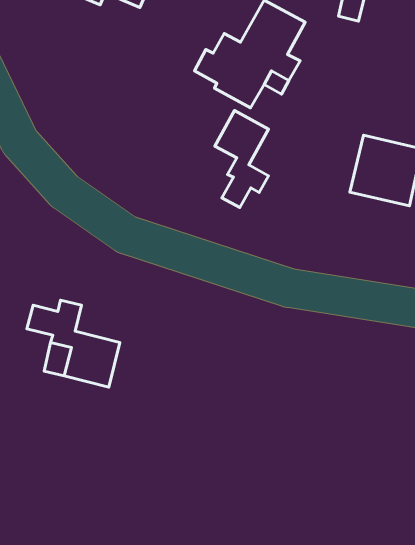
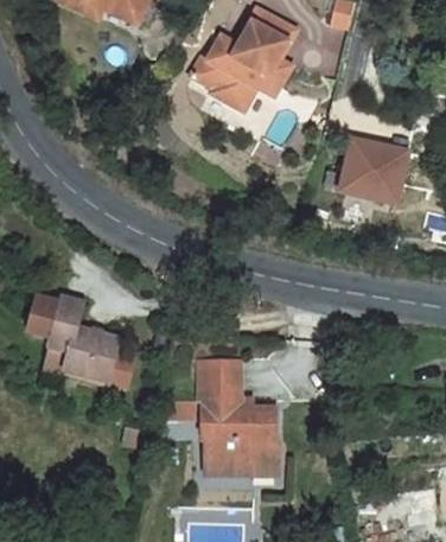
building: [215,110,269,207] -> none
building: none -> [200,359,279,476]

